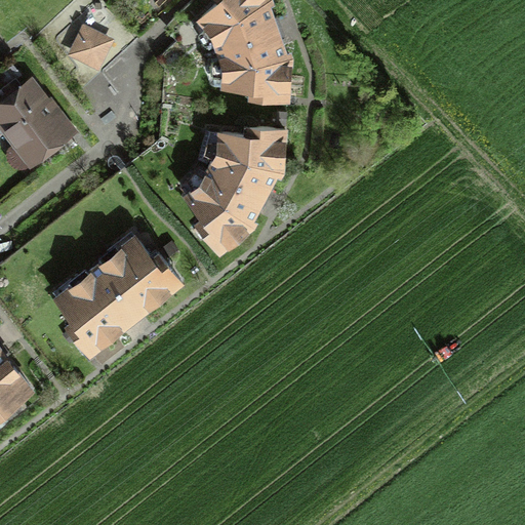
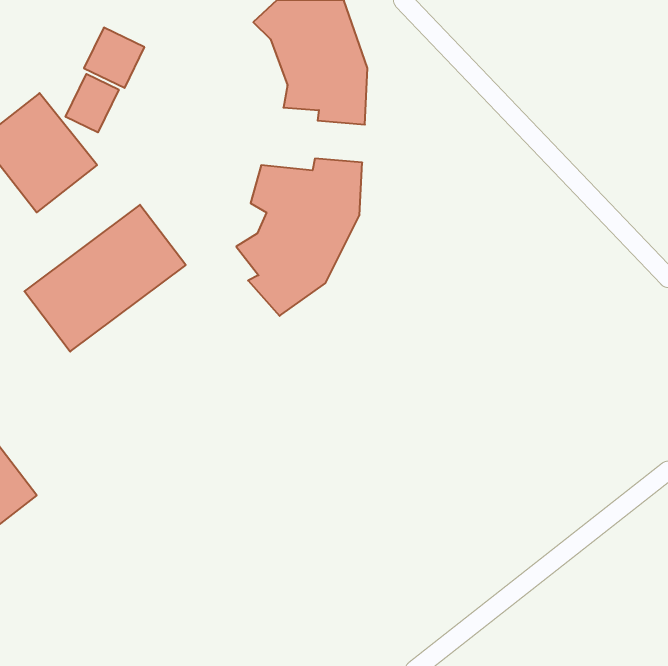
building: none -> [66,74,119,132]
building: [52,233,178,348] -> [24,205,186,352]

